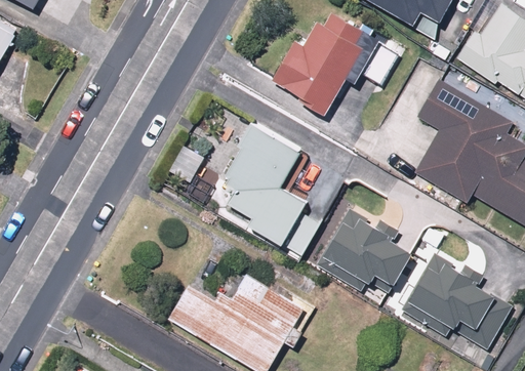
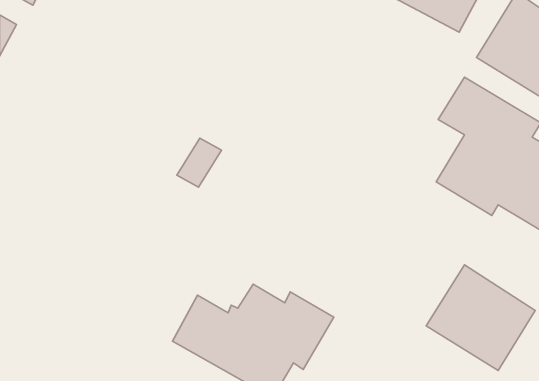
building: [268,13,402,118] -> none
building: [215,121,310,248] -> none
building: [316,204,408,291] -> none

